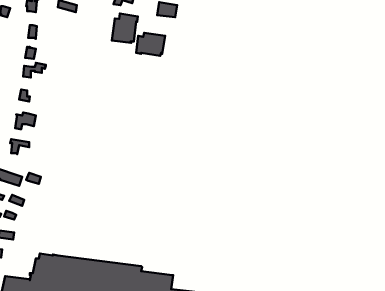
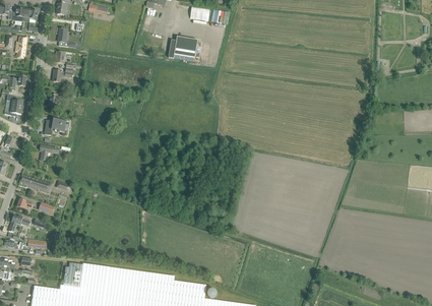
building: [112,14,138,43] -> none

